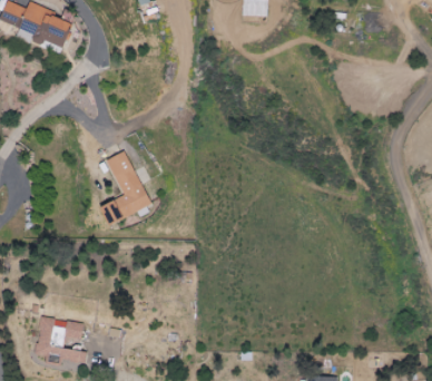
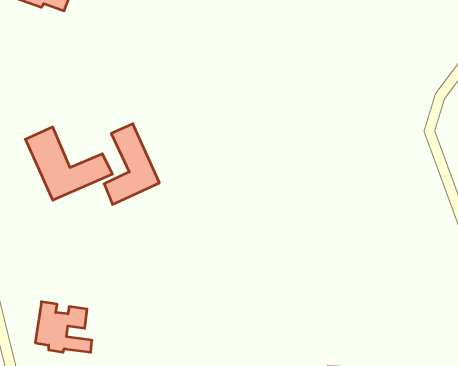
building: none -> [25,127,112,200]

